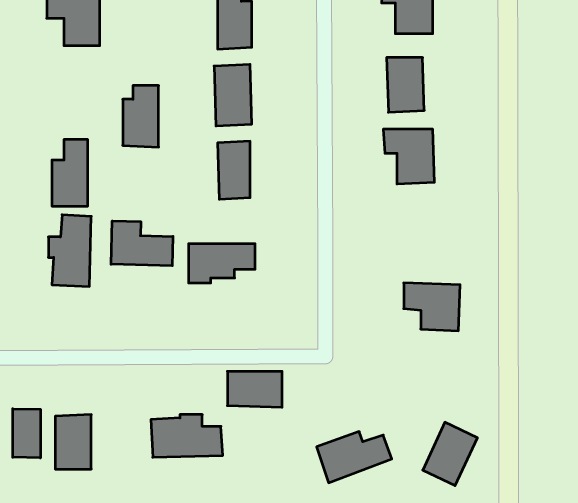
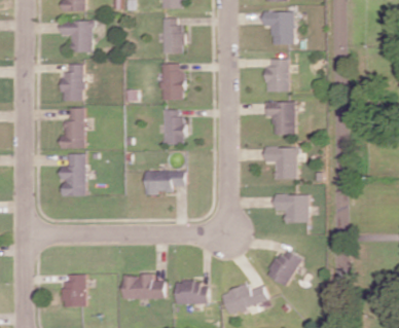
building: [123,86,159,147] -> [62,64,83,101]
building: none -> [263,147,295,179]
building: [111,221,173,266] -> none
building: [227,371,282,407] -> [176,283,209,304]
building: [13,409,40,458] -> none
building: [423,422,477,486] -> [267,248,300,286]

